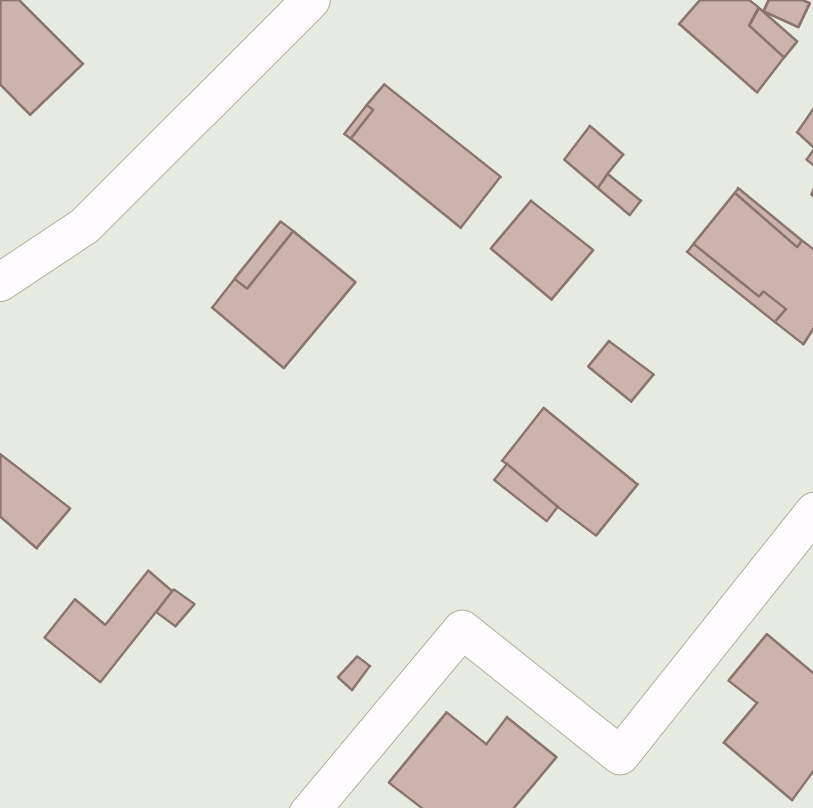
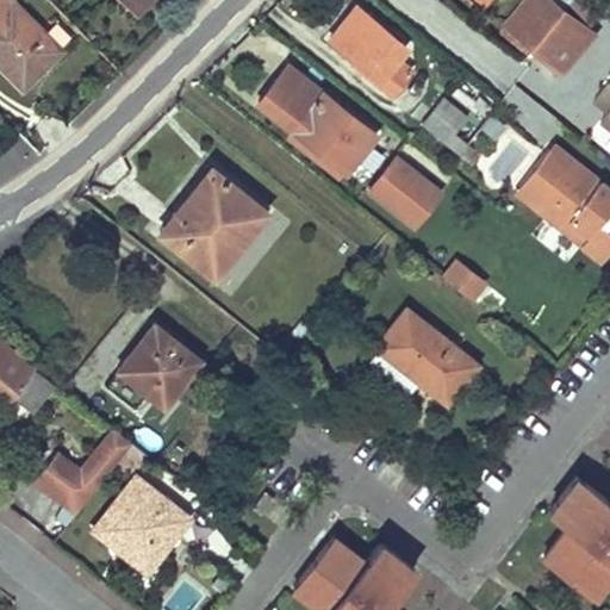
building: none -> [331,10,410,95]
building: none -> [118,325,200,407]
building: none -> [100,486,187,568]

